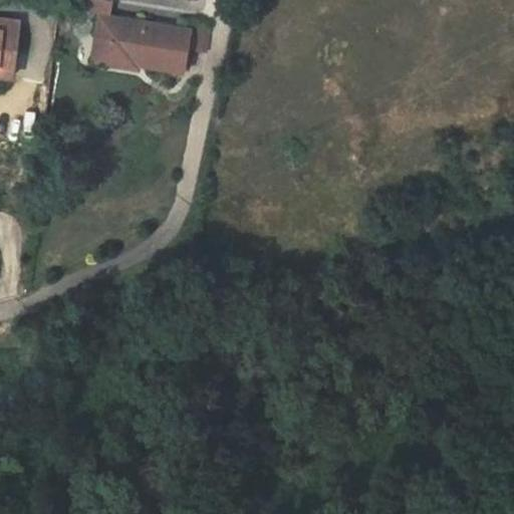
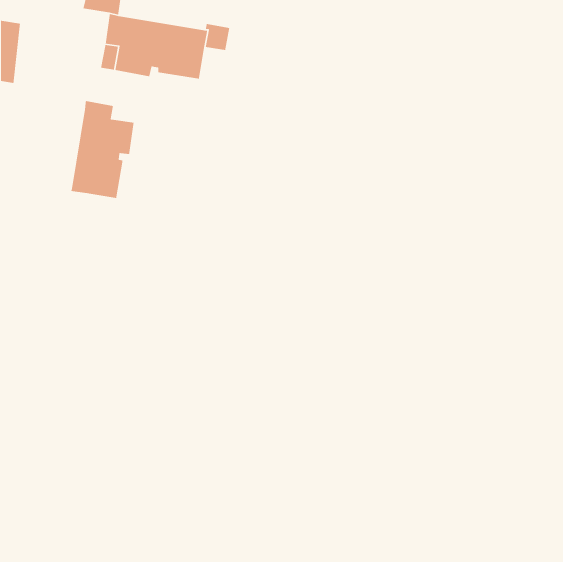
building: none -> [70,100,134,199]

